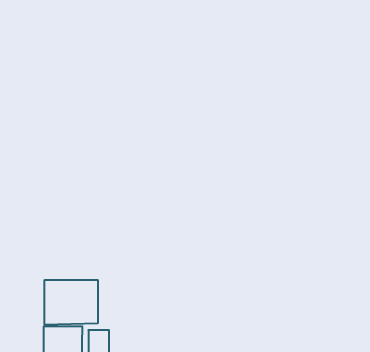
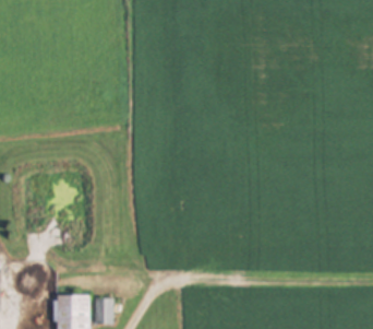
building: [45,280,98,325] -> none

